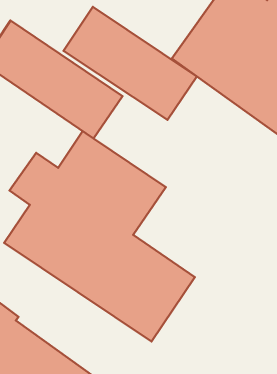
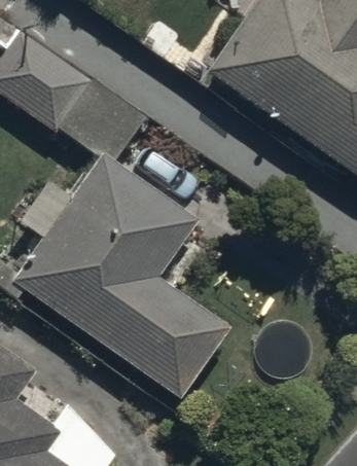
building: [64,7,197,120] -> none

